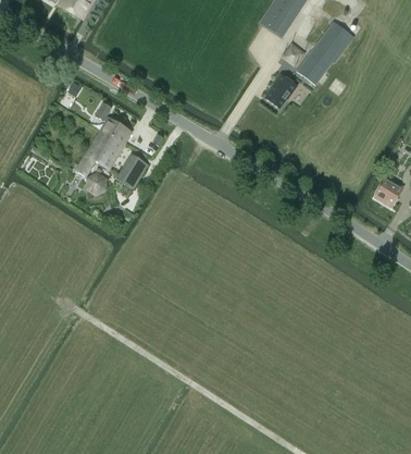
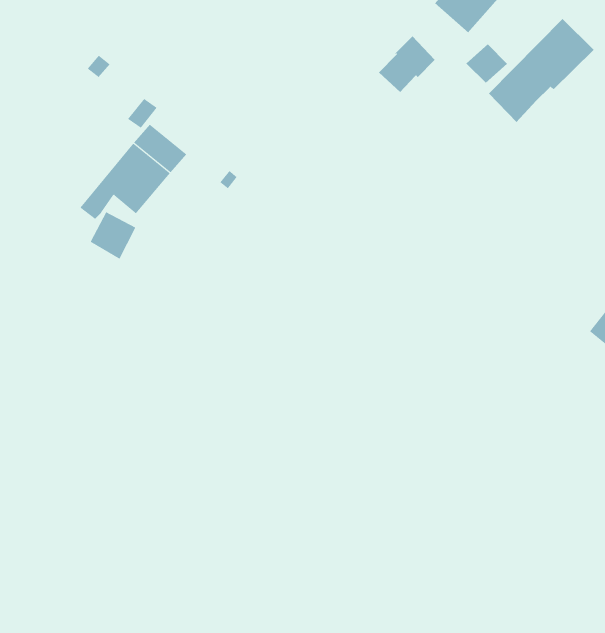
building: [264,73,296,107] -> [378,35,436,93]
building: [116,152,148,186] -> none

